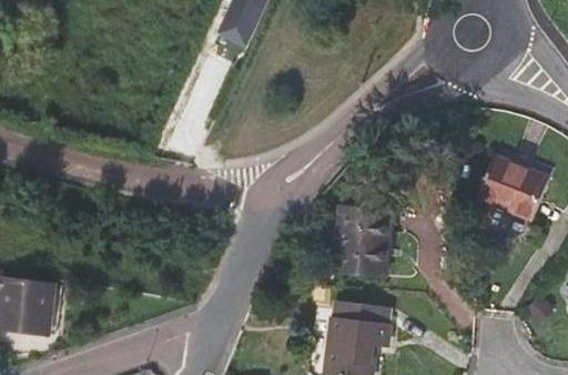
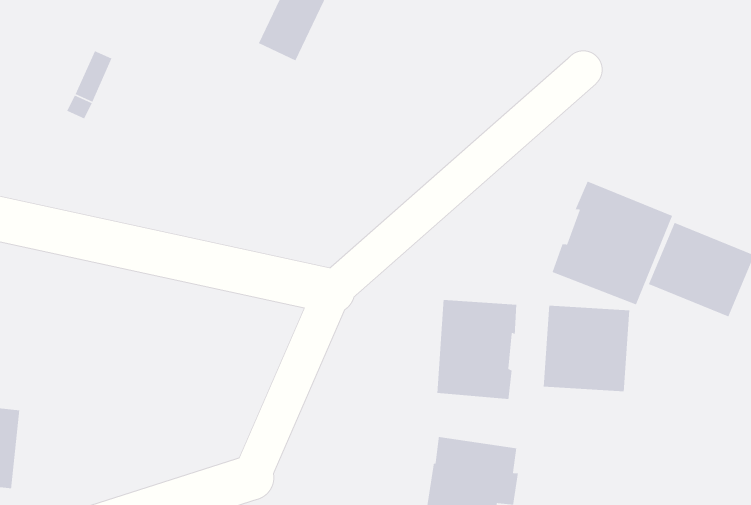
building: none -> [552,180,673,305]
building: none -> [543,305,630,392]

